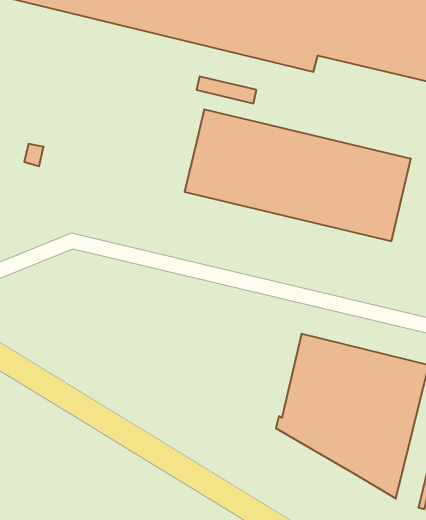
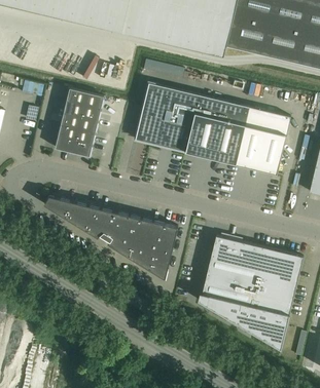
building: none -> [55,88,104,156]
building: none -> [43,195,177,279]

